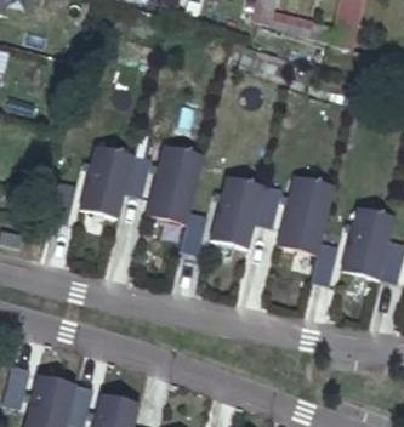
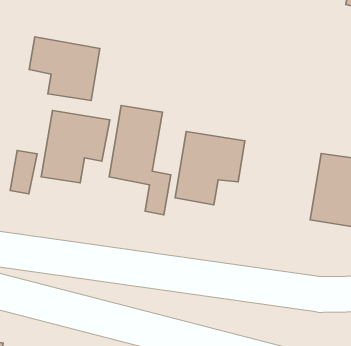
building: none -> [29,37,100,101]
building: [275,175,338,287] -> none

